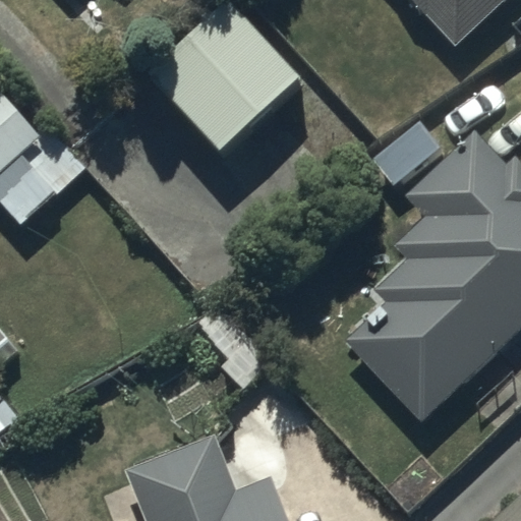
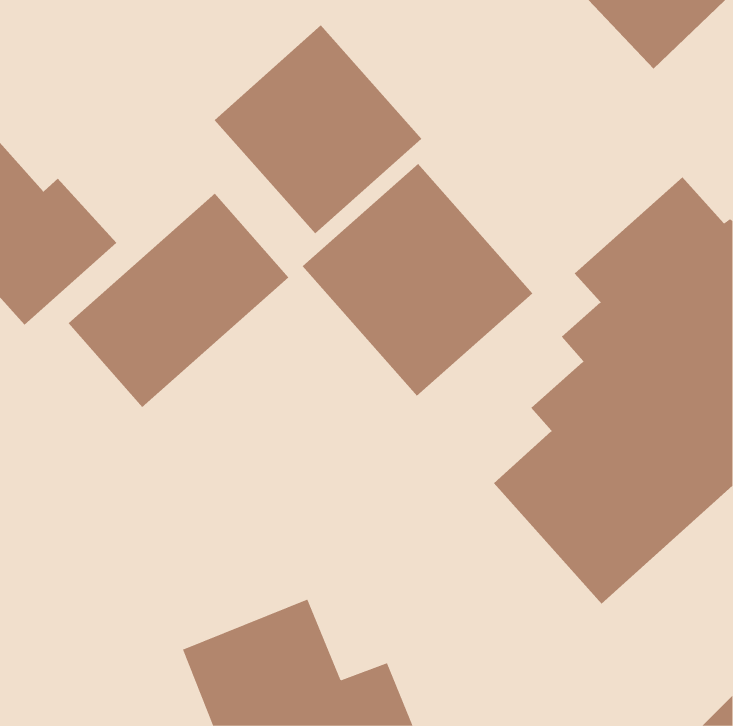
building: none -> [302,163,533,397]
building: none -> [68,193,289,408]

